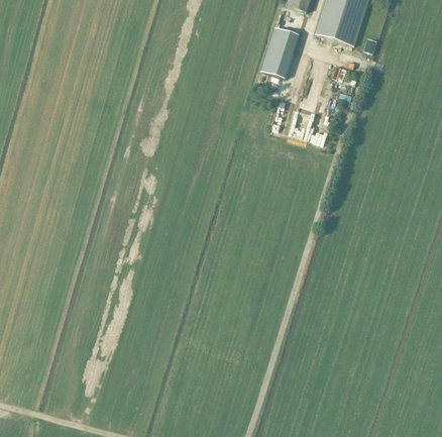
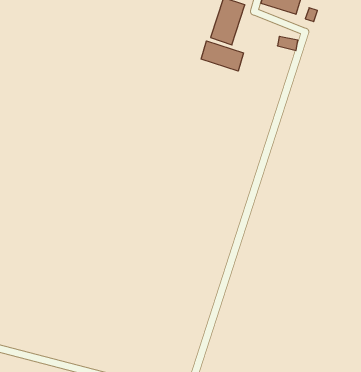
building: none -> [201,41,244,71]

